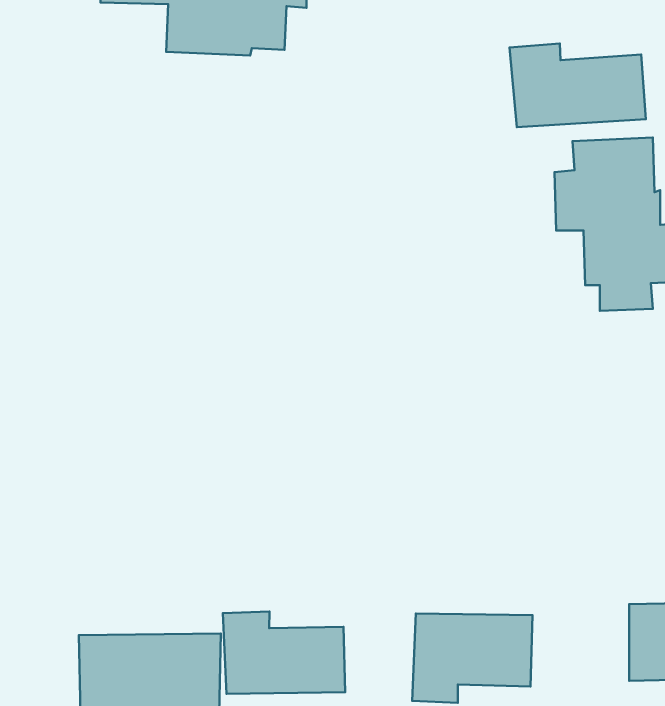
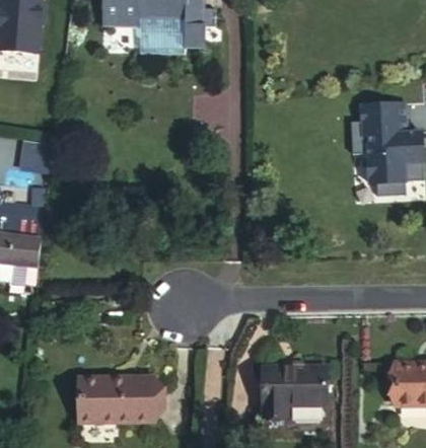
building: [509,43,646,127] -> none
building: [223,611,345,694] -> none

